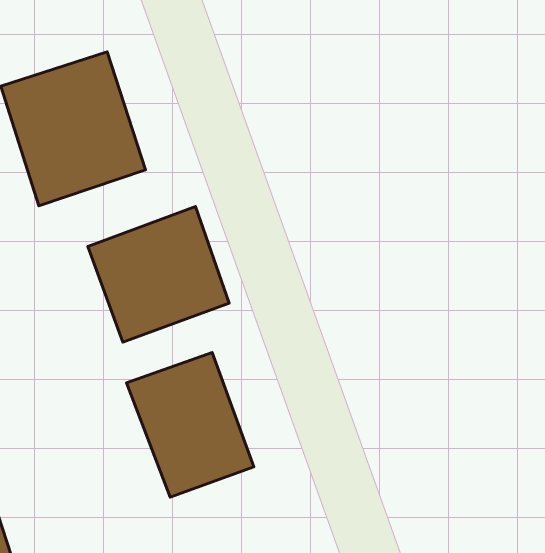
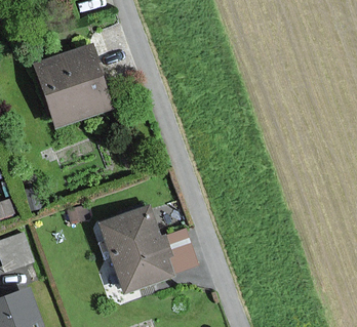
building: [88,206,229,342] -> none

